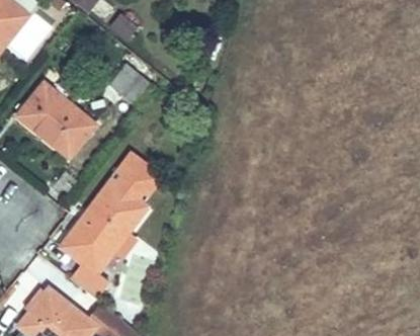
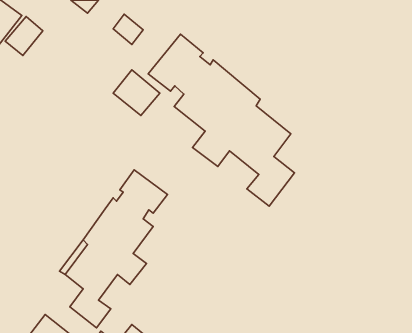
building: none -> [148,34,295,206]
building: [17,83,94,156] -> none

